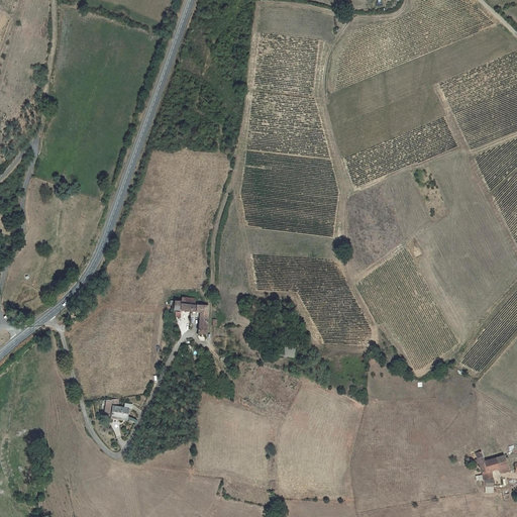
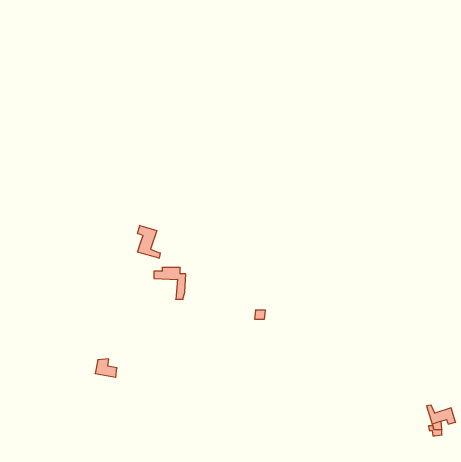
building: none -> [138,225,160,258]

